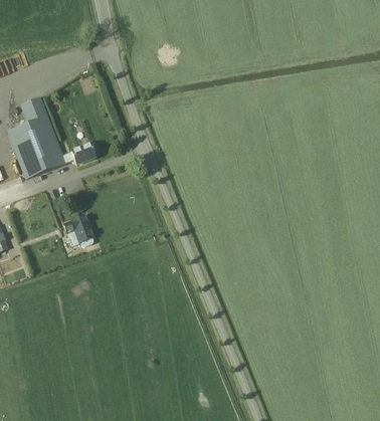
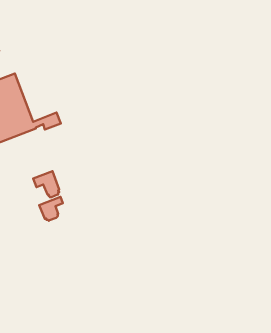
building: none -> [39,197,63,221]

